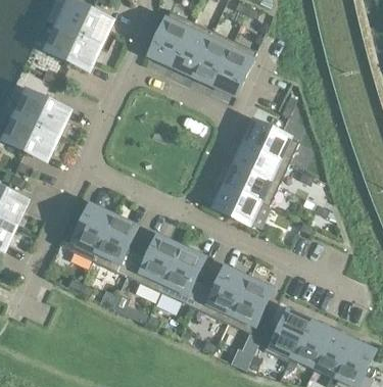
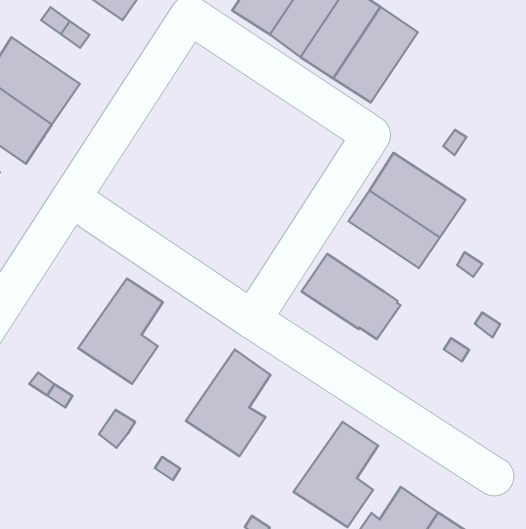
building: [224,162,277,203] -> none
building: [57,203,112,258] -> none
building: [125,235,180,290] -> none
building: [192,265,247,321] -> none

